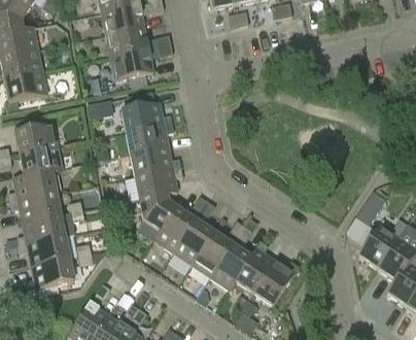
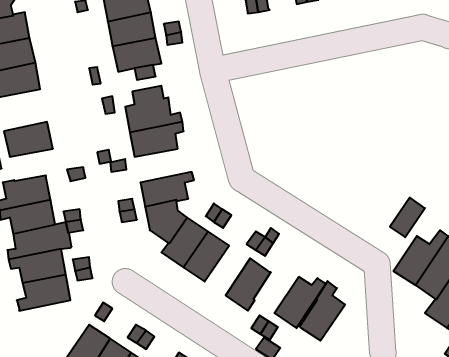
building: [21,147,63,176] -> none
building: [131,147,181,177] -> none
building: [193,233,233,277] -> none
building: [236,240,276,293] -> [300,281,345,341]

